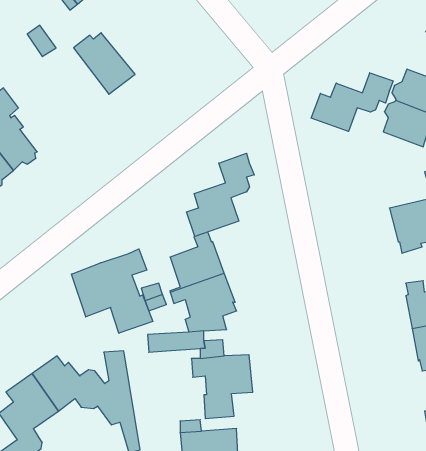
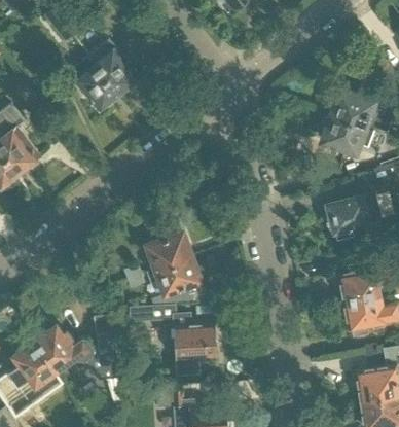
building: none -> [90,41,138,95]
building: [311,73,393,131] -> none
building: [186,153,254,236] -> none
building: [71,249,153,333] -> none

